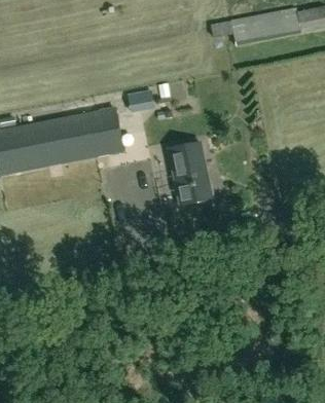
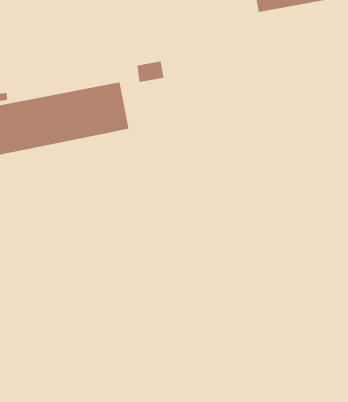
building: [169,142,213,205] -> none

